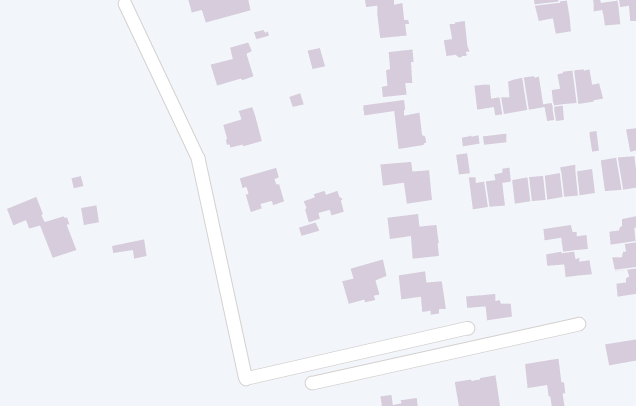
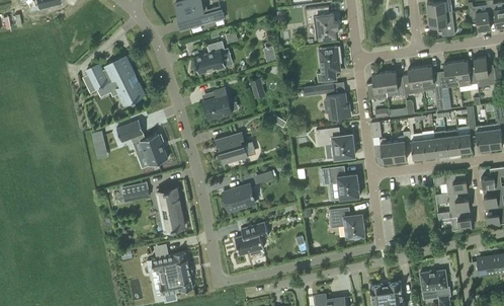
building: [443,20,471,58] -> [367,73,388,100]
building: none -> [86,57,144,104]
building: none -> [474,58,496,87]
building: [303,190,345,223] -> [225,187,255,212]
building: [6,196,78,259] -> [117,120,169,165]
building: none -> [157,188,184,231]
building: [341,258,388,305] -> [235,222,268,255]
building: [465,293,513,321] -> [437,211,472,231]
building: none -> [147,252,193,295]

